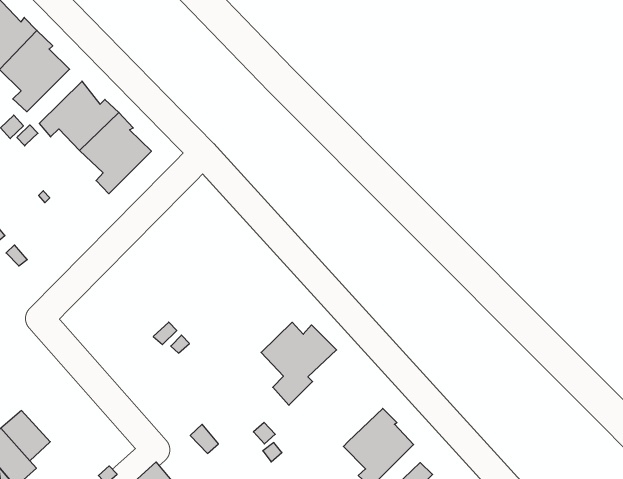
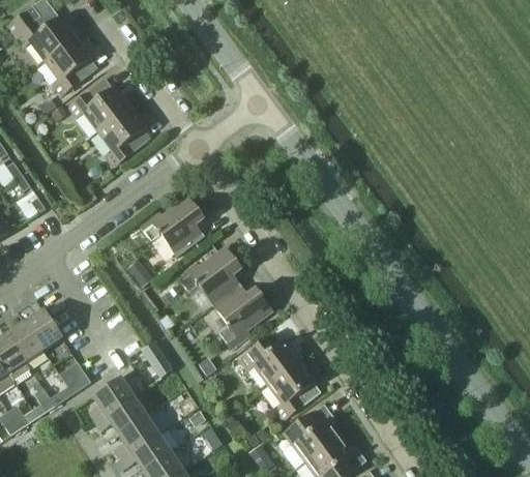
building: none -> [141,197,204,255]
building: none -> [178,247,242,304]
building: none -> [238,330,301,385]
building: none -> [25,310,62,350]

